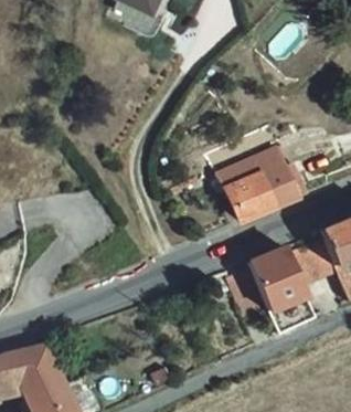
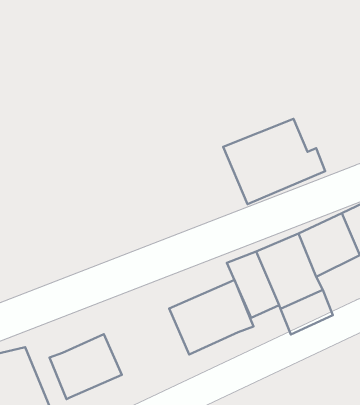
building: none -> [169,280,254,355]
building: none -> [49,334,122,399]

